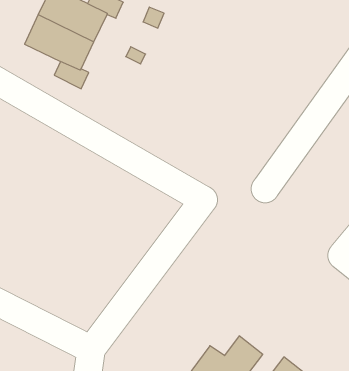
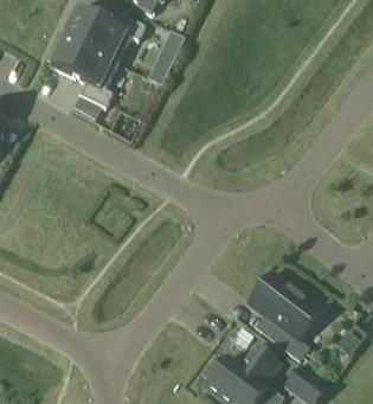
building: none -> [249,269,322,359]

